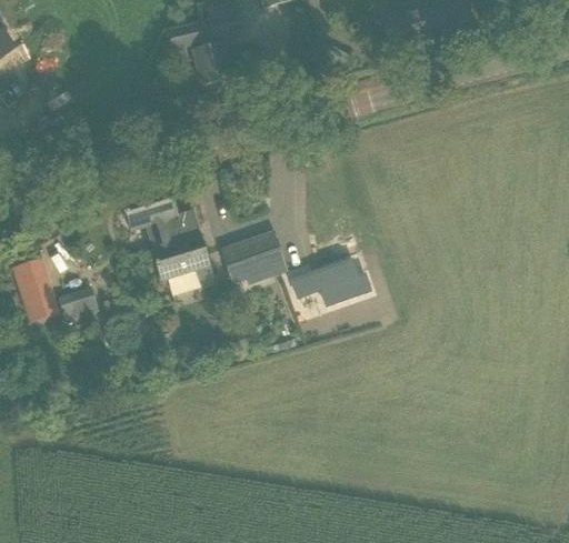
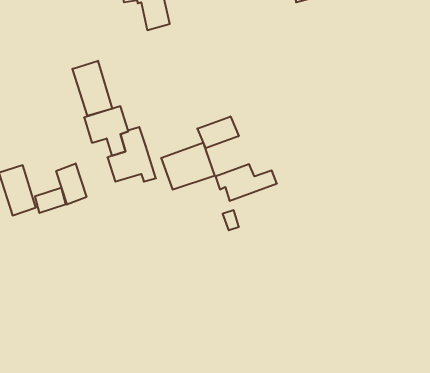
building: none -> [72,61,112,116]
building: none -> [197,116,239,148]
building: none -> [56,163,86,205]

